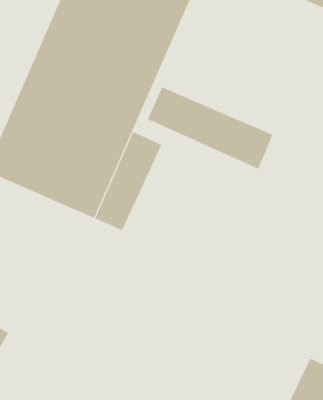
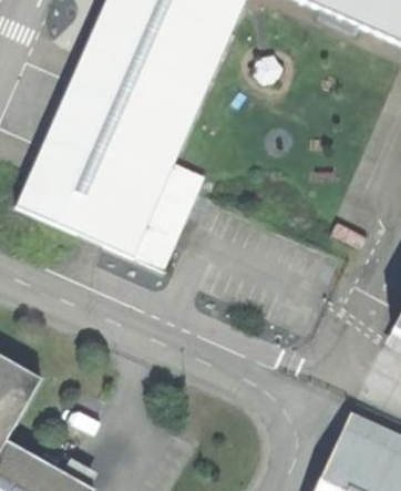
building: [147,87,273,170] -> none

